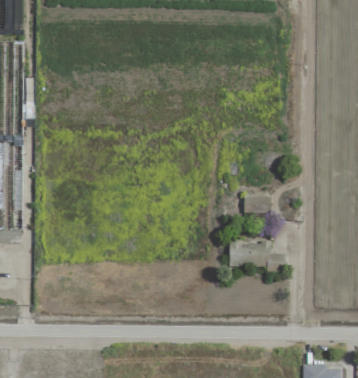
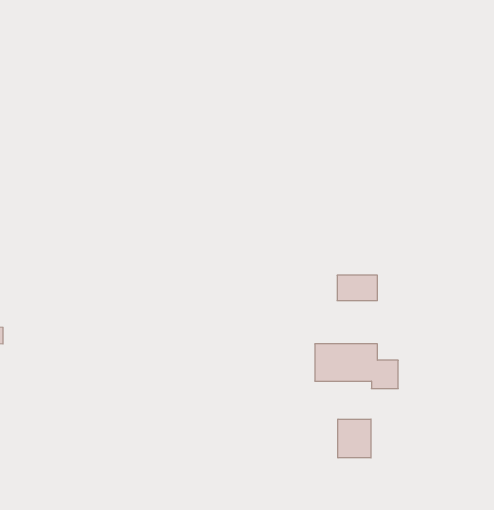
building: none -> [338,419,371,458]

